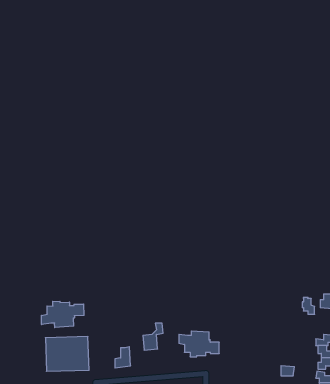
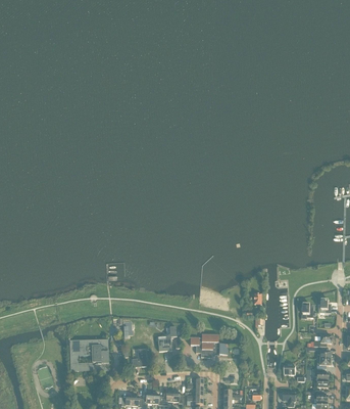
building: [41,301,84,328] -> none

